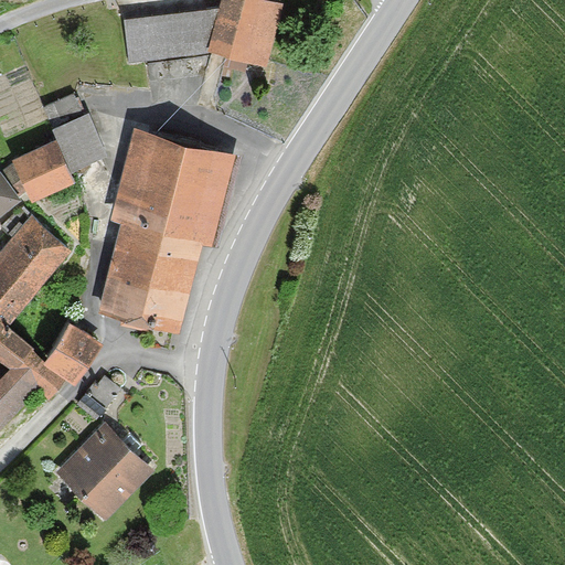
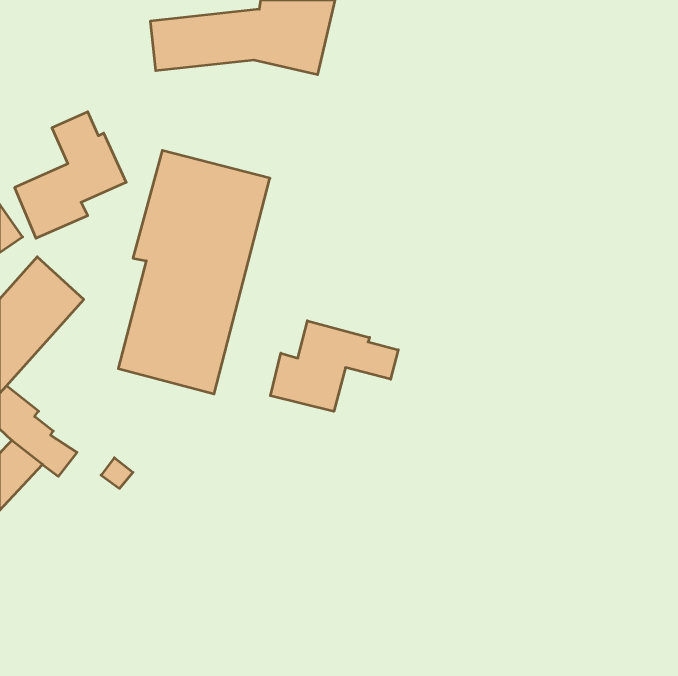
building: none -> [270,321,398,411]
building: [42,324,99,384] -> none
building: [55,423,153,519] -> none

